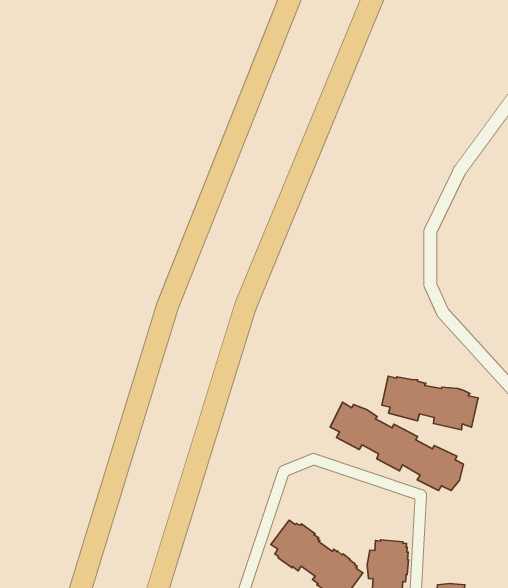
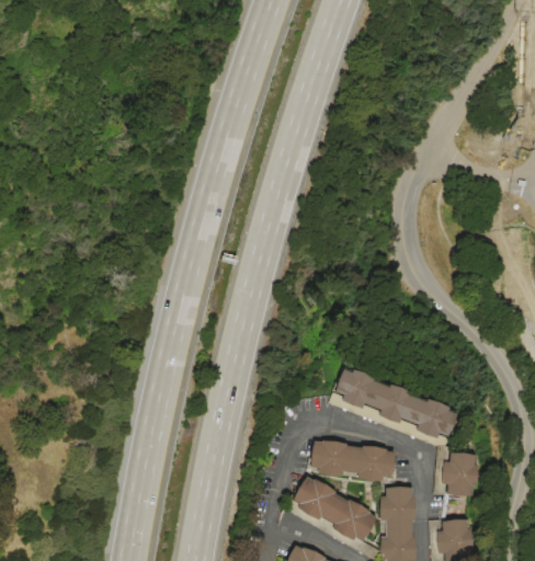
building: [382,376,478,430] -> [310,440,395,482]
building: none -> [441,453,477,496]

